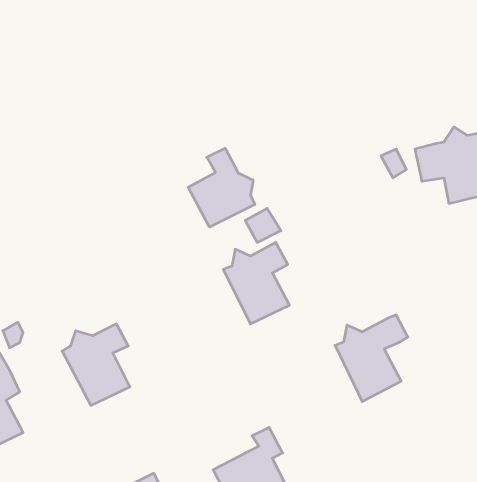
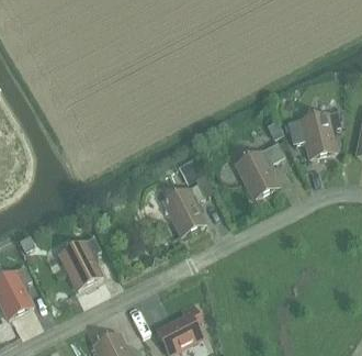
building: [188,148,255,227] -> none
building: [335,315,408,402] -> [235,143,282,199]

